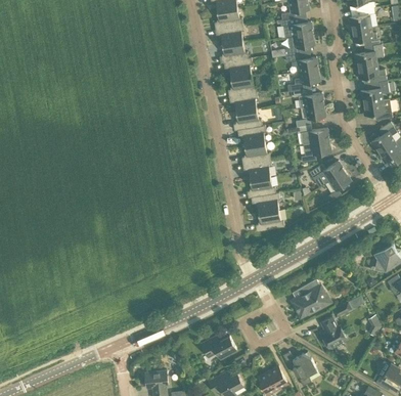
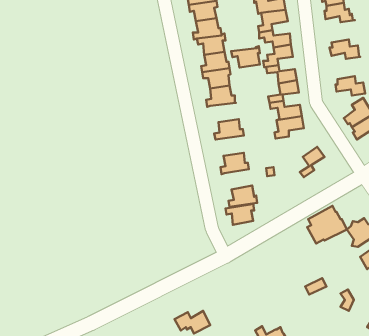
building: [354,44,383,67] -> none
building: [359,81,389,103] -> none
building: [236,125,265,146] -> [231,46,260,68]
building: [241,160,271,180] -> none
building: [309,161,344,187] -> none
building: [251,192,279,214] -> [226,203,254,225]
building: [291,279,330,317] -> [307,206,347,244]
building: [320,316,346,348] -> none

